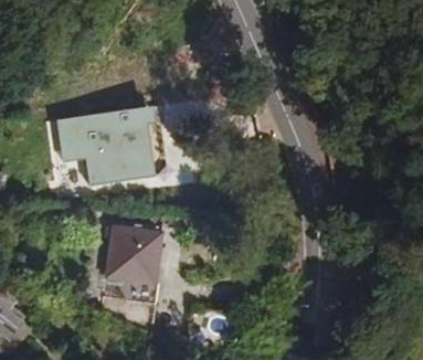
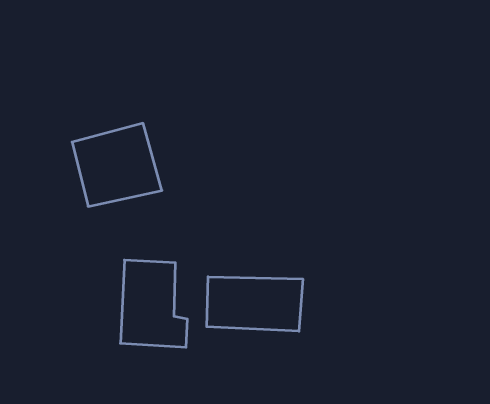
building: none -> [207,277,303,331]

